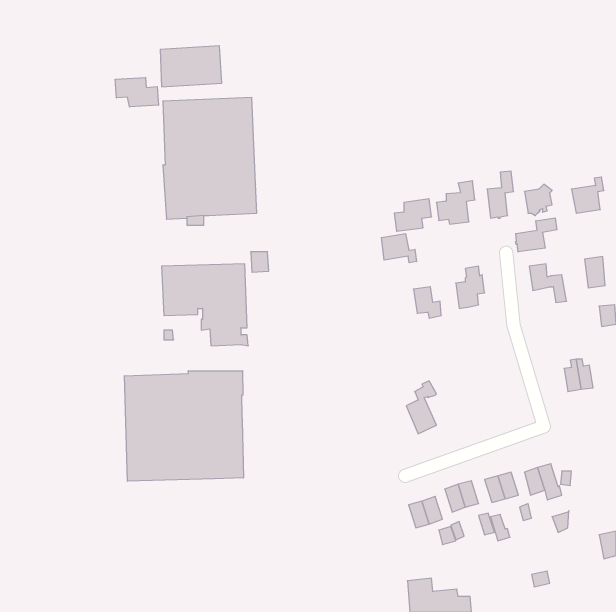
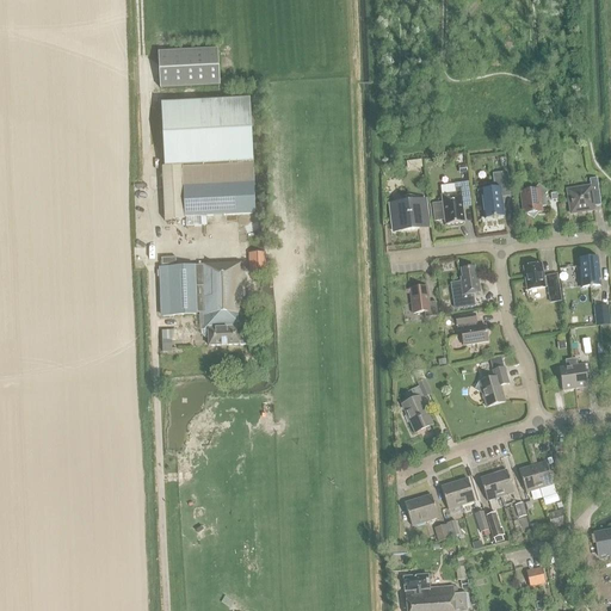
building: [115,77,158,107] -> none
building: [516,218,557,252] -> none
building: [381,234,417,263] -> none
building: none -> [456,311,487,342]
building: none -> [475,354,508,405]
building: [124,371,243,481] -> none

